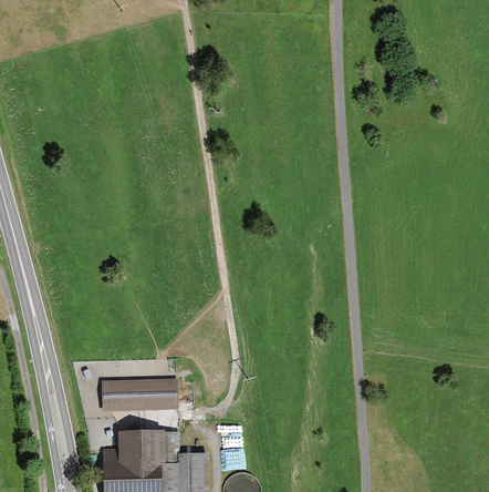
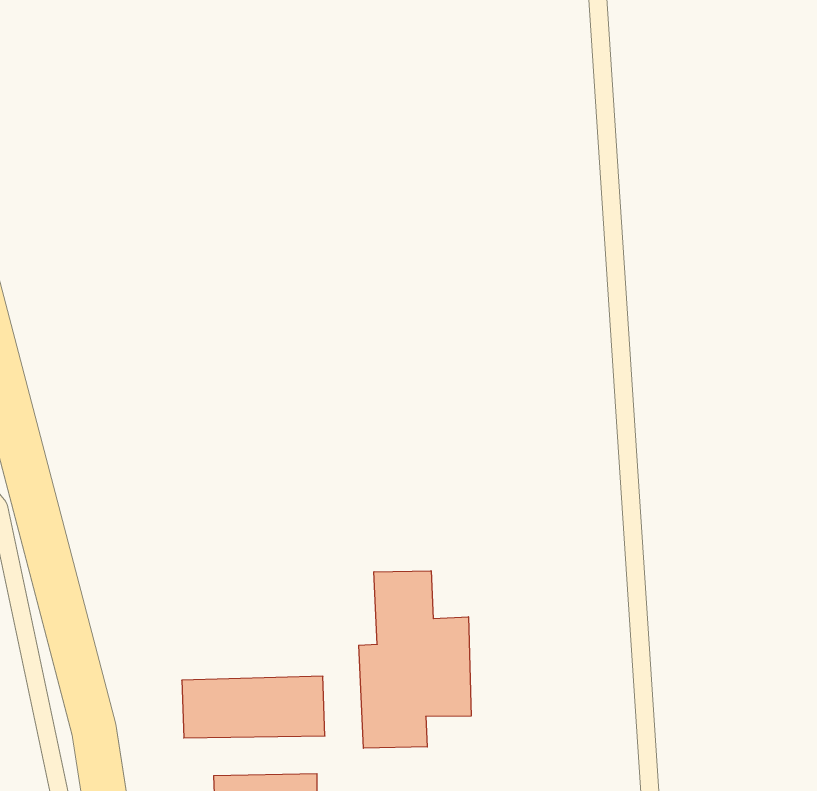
building: none -> [359,571,471,748]

